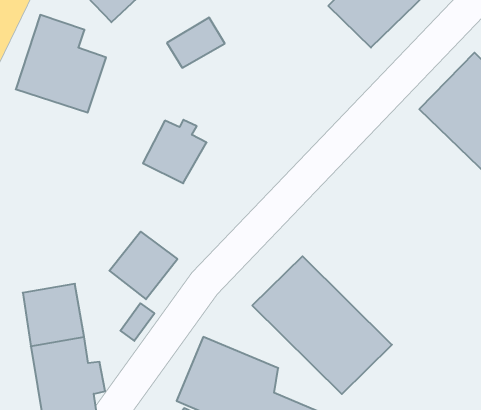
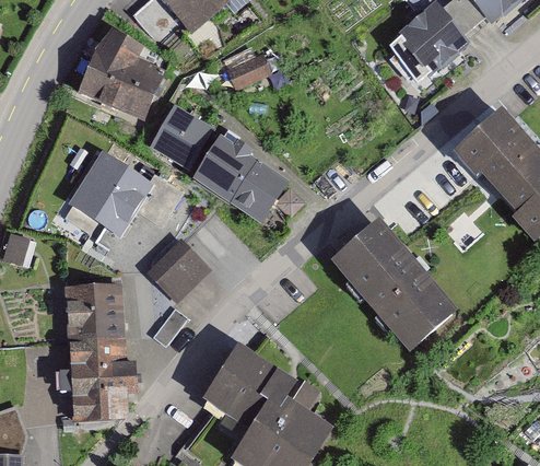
building: none -> [149,106,204,165]
building: none -> [227,161,280,214]
building: none -> [61,149,180,236]
building: [252,256,392,394] -> [337,218,465,352]

